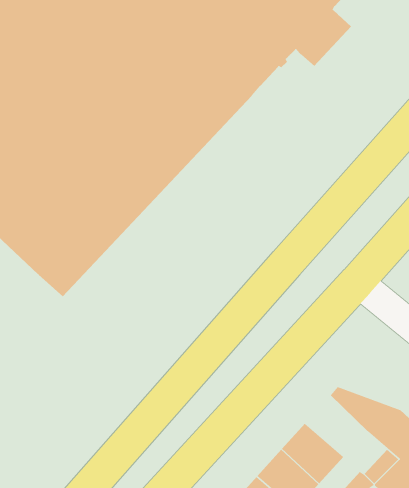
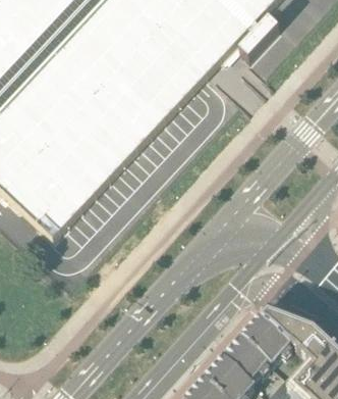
building: none -> [242,312,291,361]

